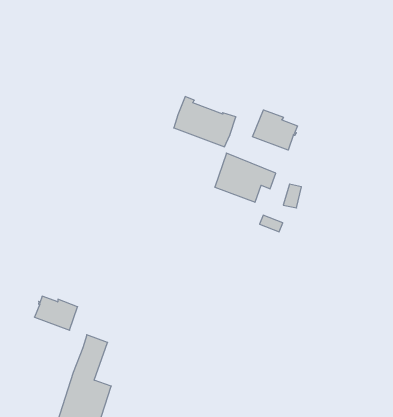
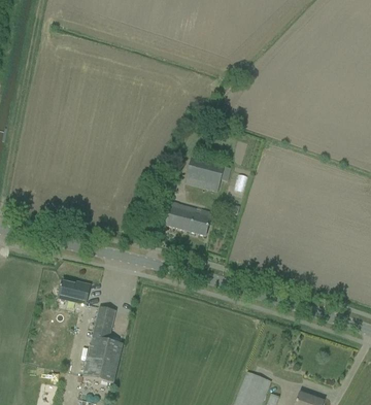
building: [174,97,236,147] -> [165,199,211,234]
building: [252,110,298,150] -> none

